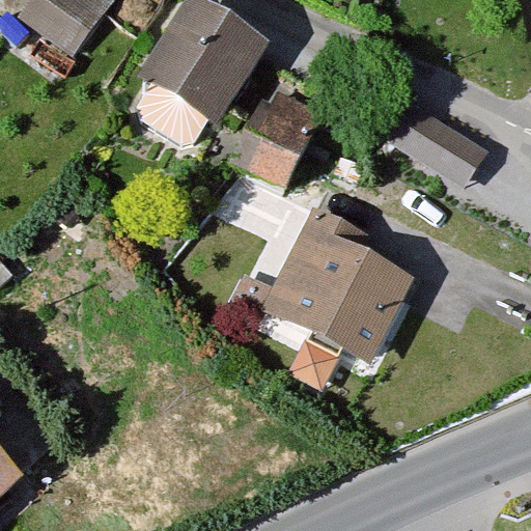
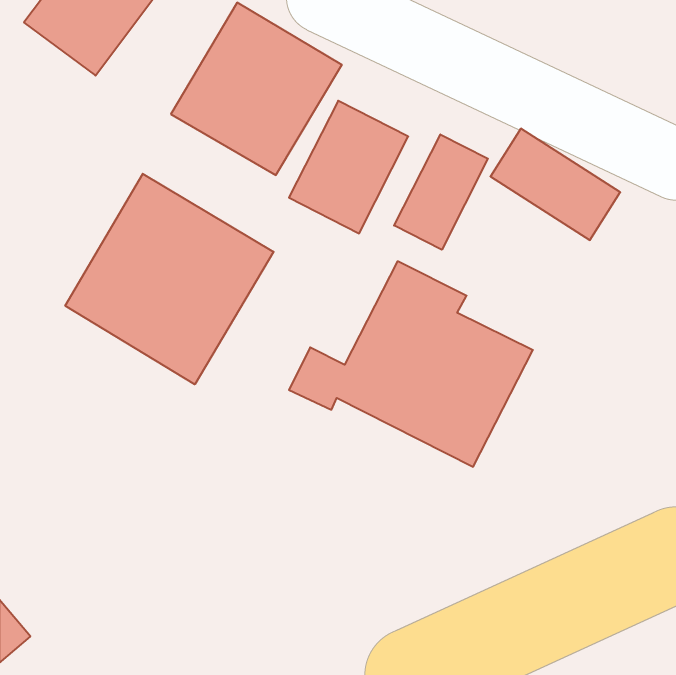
building: none -> [394,134,488,250]
building: none -> [65,174,274,384]

